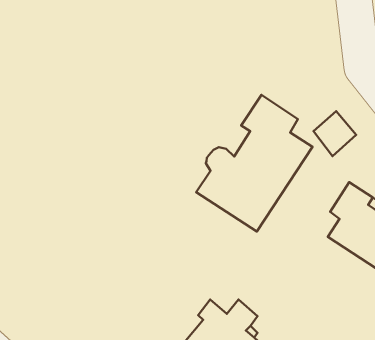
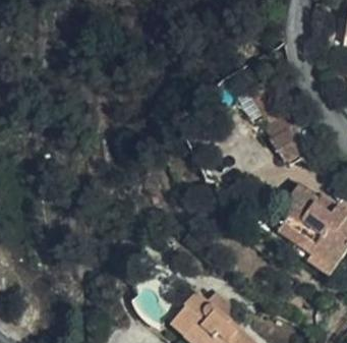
building: [196,95,312,232] -> none

